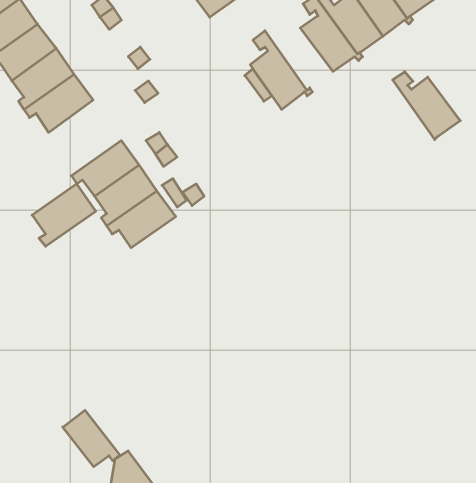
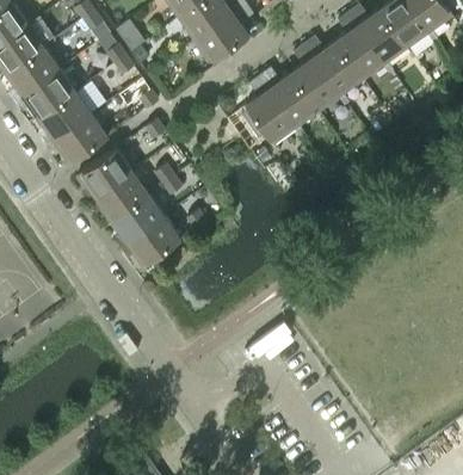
building: [393,72,460,140] -> [261,68,321,128]
building: [32,184,96,246] -> [79,148,135,203]
building: [63,410,120,467] -> none

